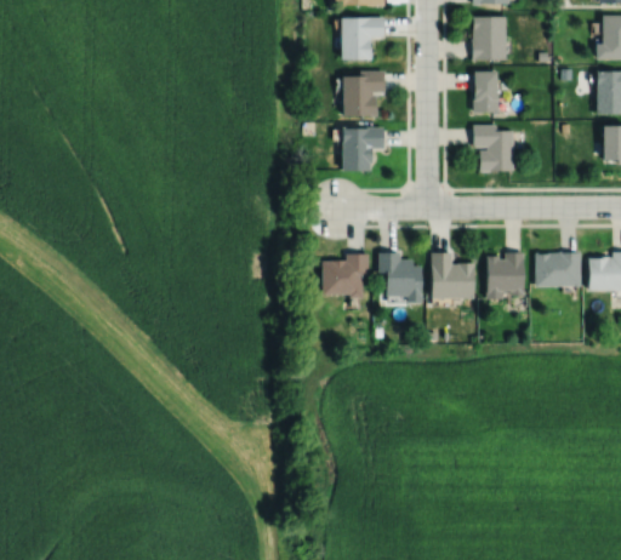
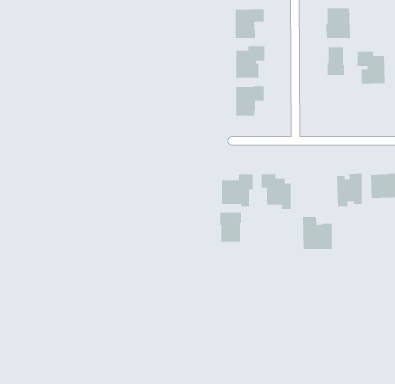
building: [473,125,514,172] -> [357,51,386,84]
building: [431,253,474,301] -> [302,216,333,250]
building: none -> [220,212,241,242]

